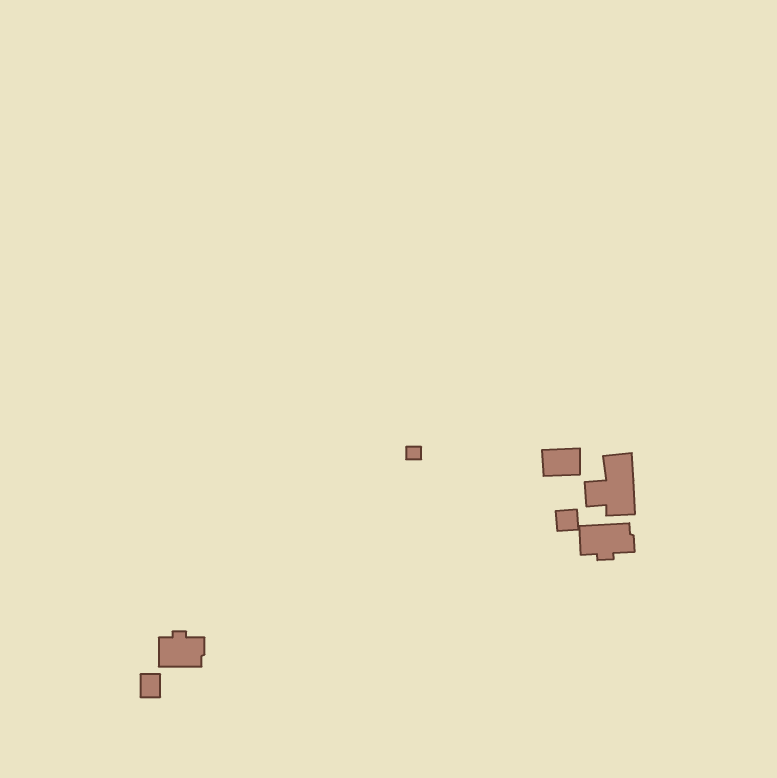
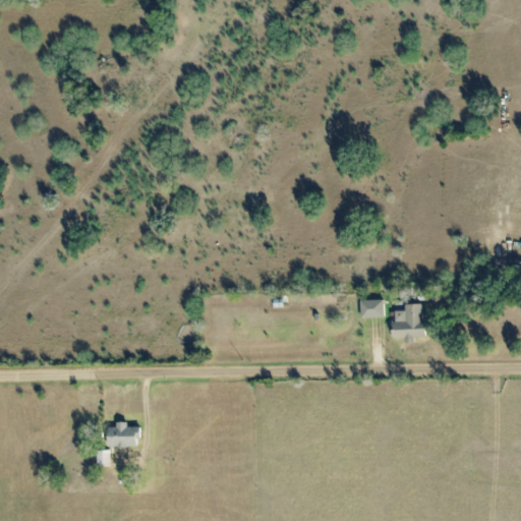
building: [579,523,634,560] -> none

